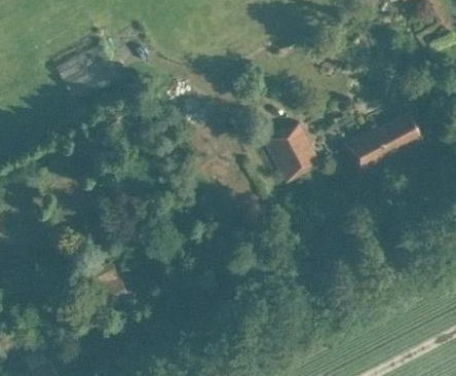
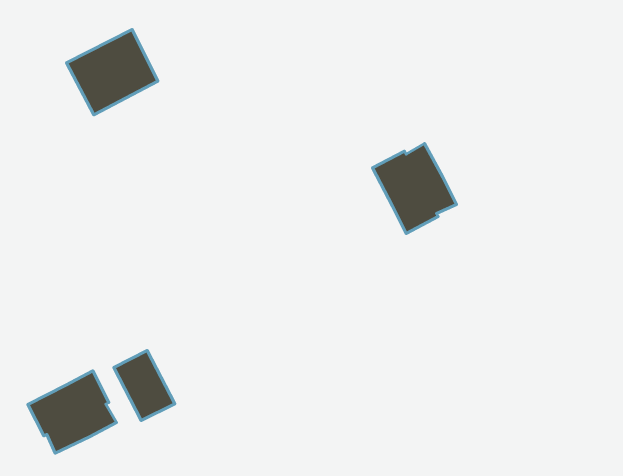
building: [346,113,423,174] -> none
building: none -> [28,371,116,453]

